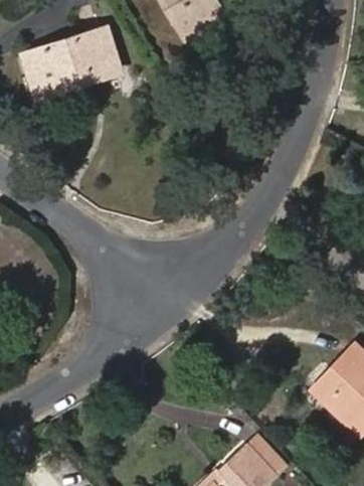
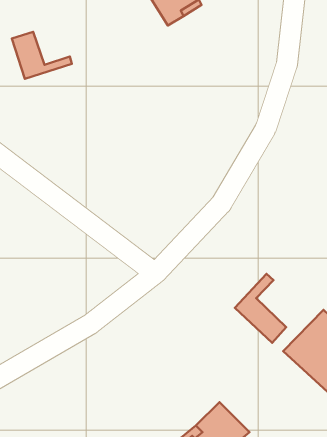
building: [45,27,115,82] -> none
building: none -> [235,274,286,343]

